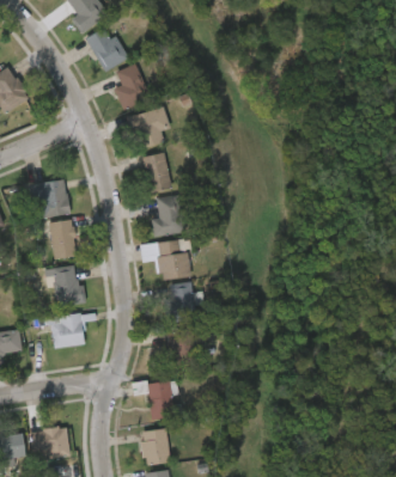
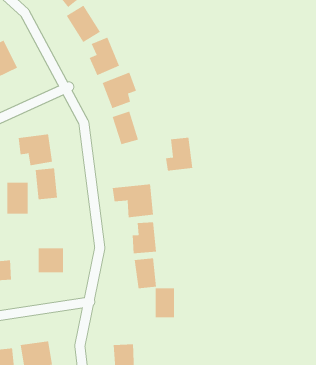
building: [151,195,184,236] -> [165,137,193,171]
building: [54,267,80,305] -> [7,182,29,214]
building: [147,383,171,418] -> [155,288,175,318]

